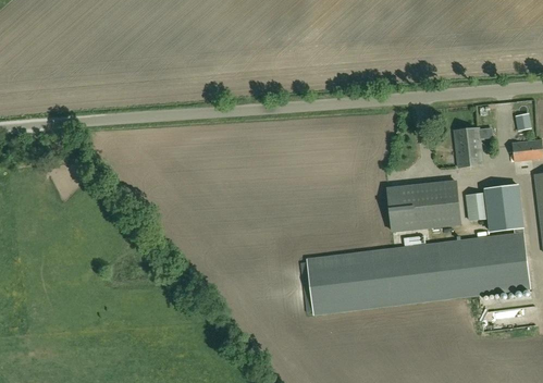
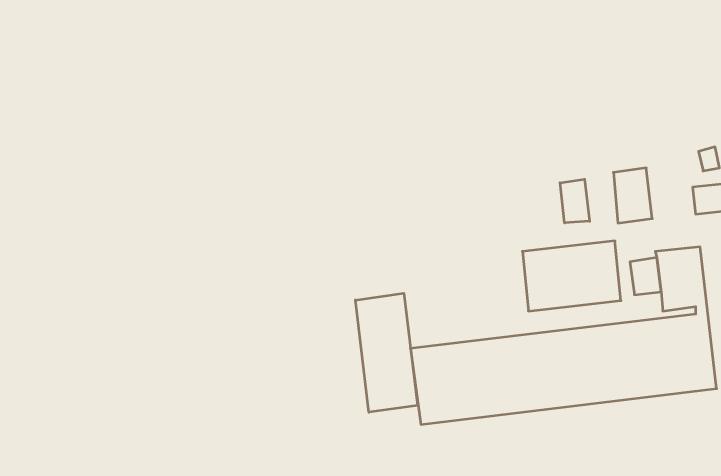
building: none -> [560,179,590,223]
building: none -> [355,293,417,412]

